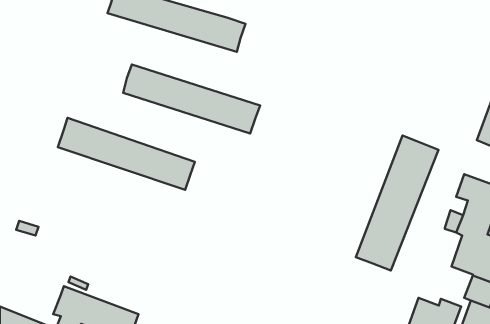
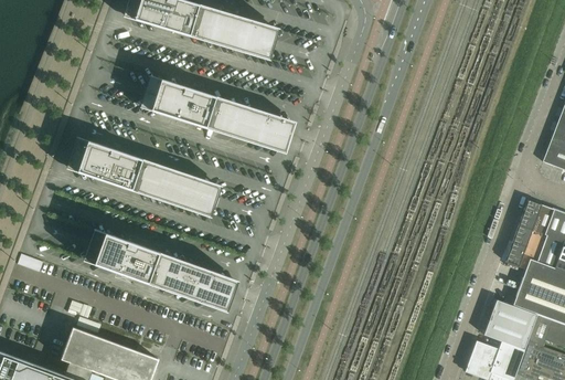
building: [356,136,439,271] -> none
building: none -> [83,229,238,312]
building: none -> [483,299,536,349]

